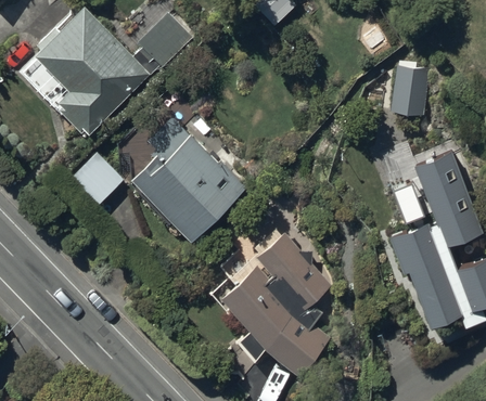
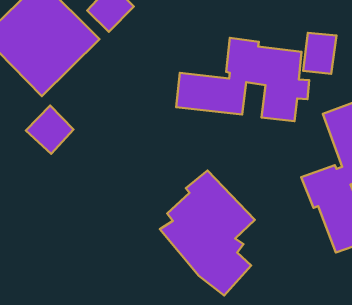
building: none -> [176,38,309,121]
building: [131,114,245,243] -> none

